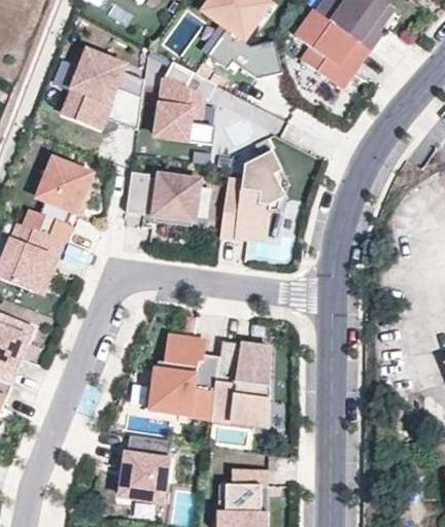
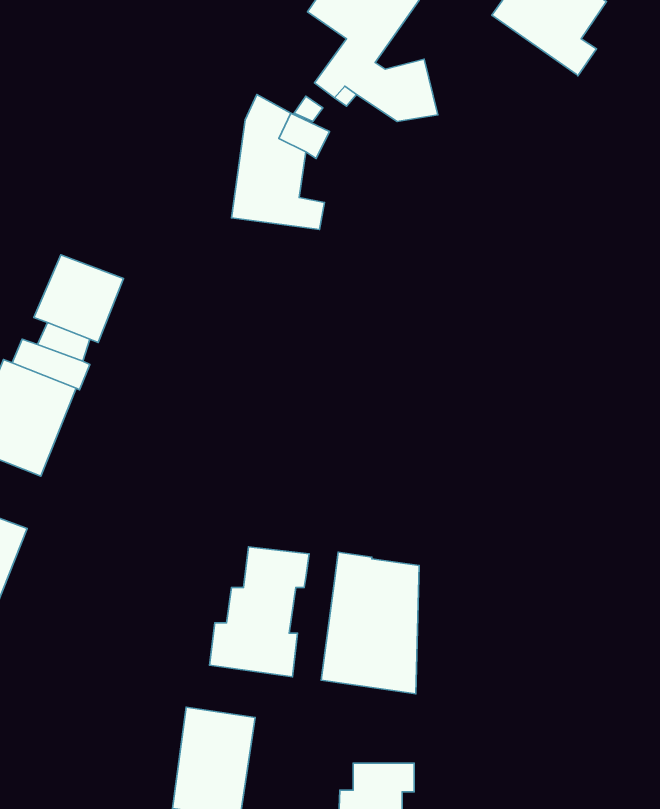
building: [295,11,367,87] -> none
building: [63,49,143,129] -> none
building: [218,150,284,239] -> none
building: [126,171,200,221] -> none
building: [192,355,219,418] -> none

